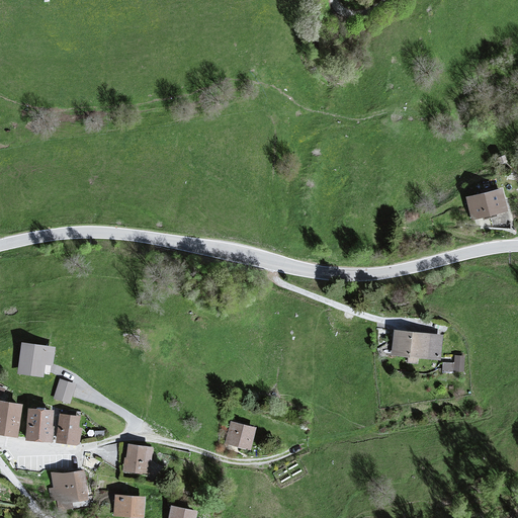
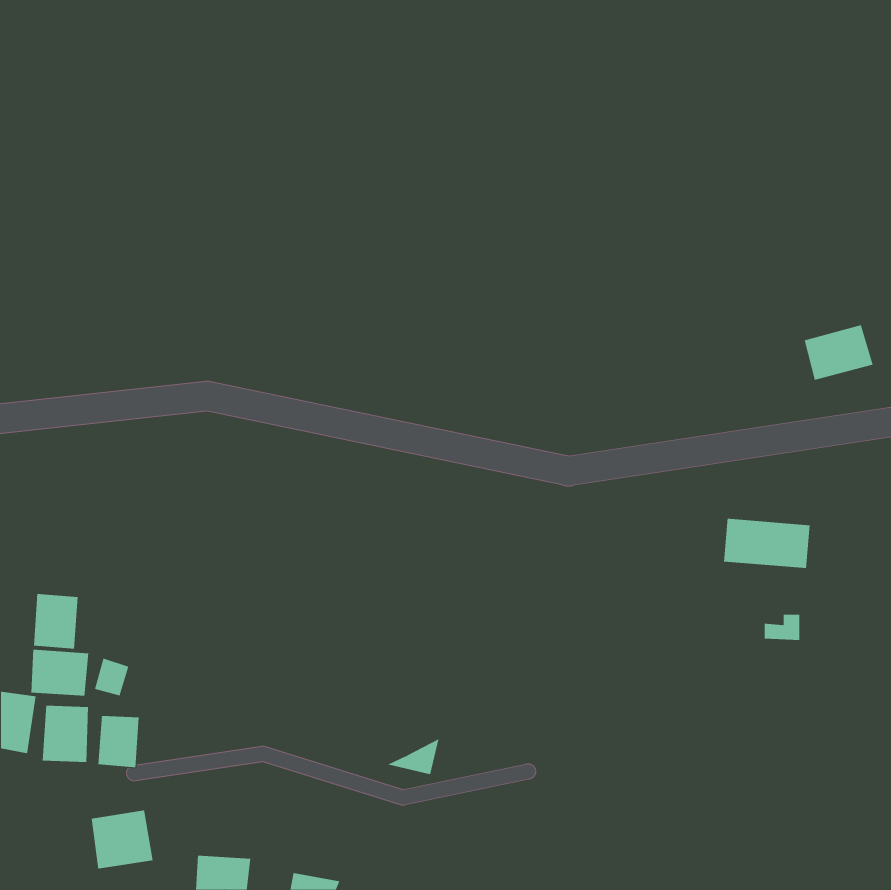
building: [392,330,442,359] -> [723,518,810,569]
building: none -> [31,649,89,697]
building: [123,444,152,474] -> none

